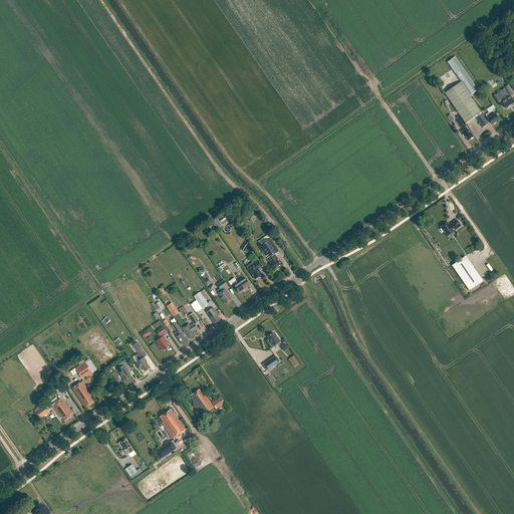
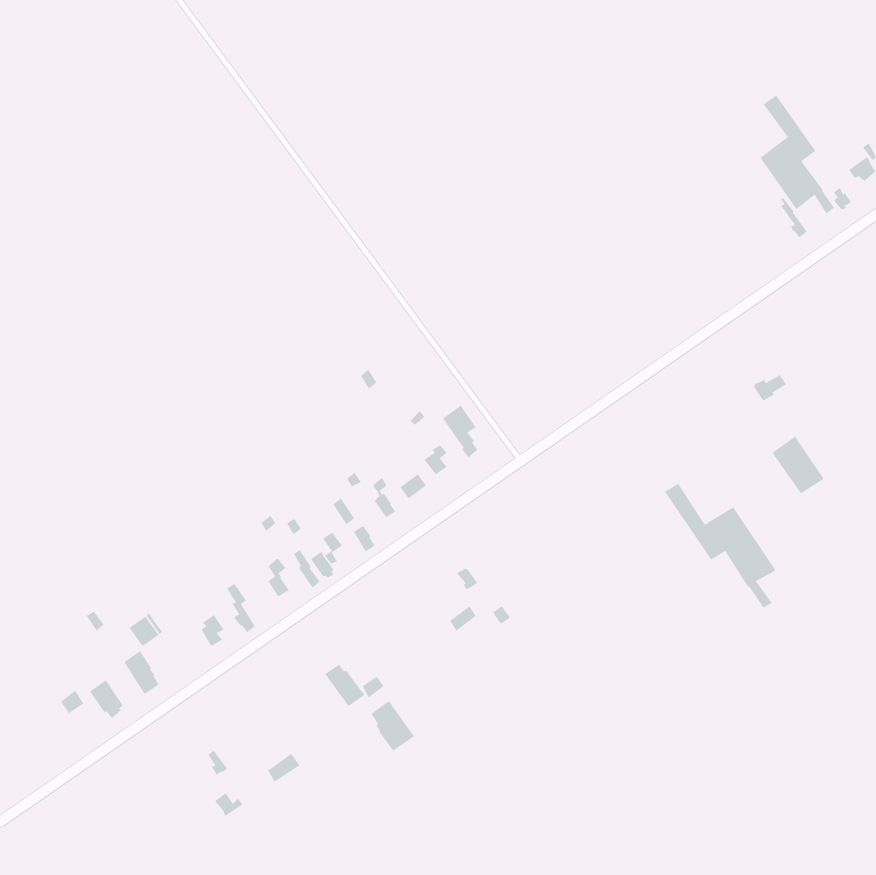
building: none -> [664,483,776,608]
building: [160,408,186,438] -> [370,700,415,752]

